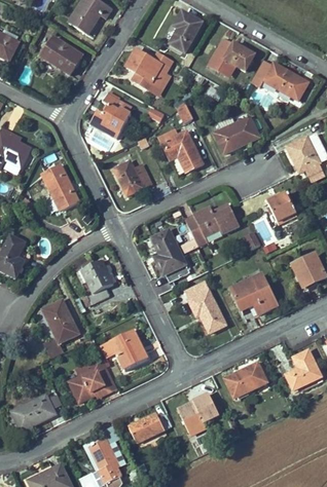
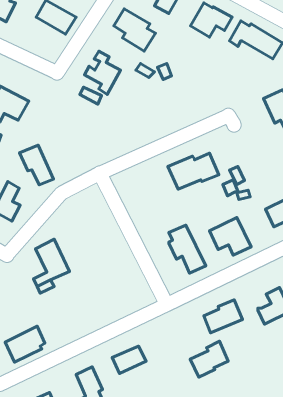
building: [214,117,260,154] -> none
building: [164,133,204,173] -> none
building: [112,158,152,196] -> none
building: [42,164,79,208] -> [19,145,53,185]
building: [267,194,298,223] -> none
building: [153,230,190,284] -> none
building: [80,258,115,304] -> none
building: [109,330,146,370] -> none
building: [67,355,113,401] -> none
building: [175,394,216,433] -> [190,341,228,377]

